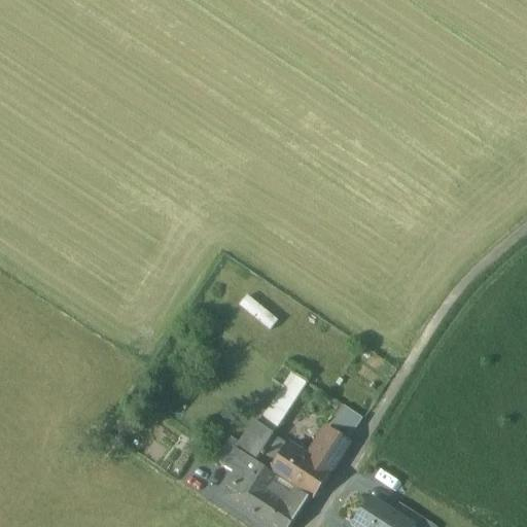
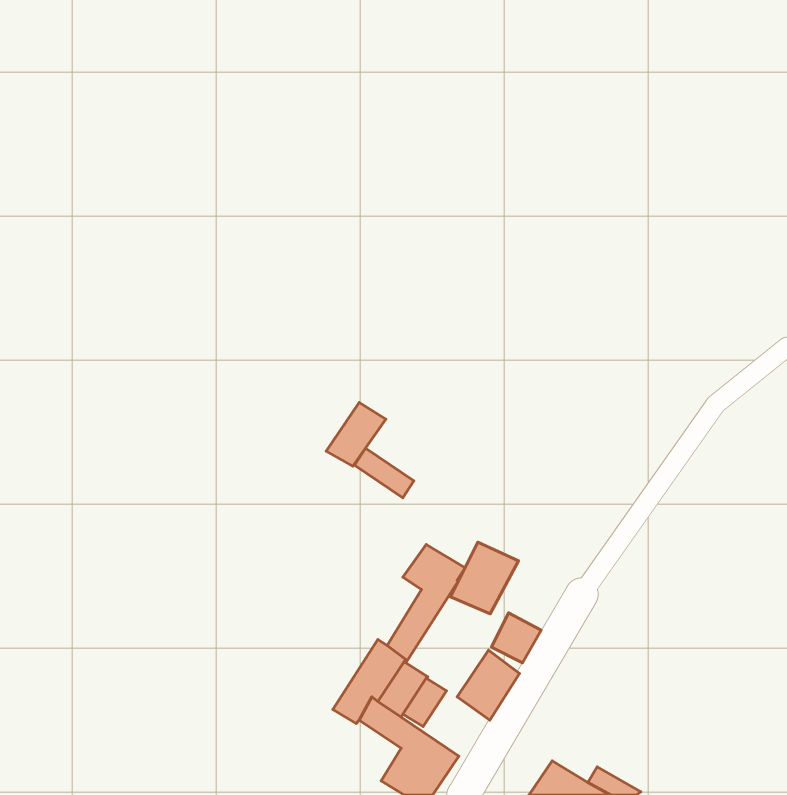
building: none -> [326,403,386,466]
building: none -> [451,542,518,614]
building: [280,457,324,500] -> none
building: [223,477,266,517] -> none

